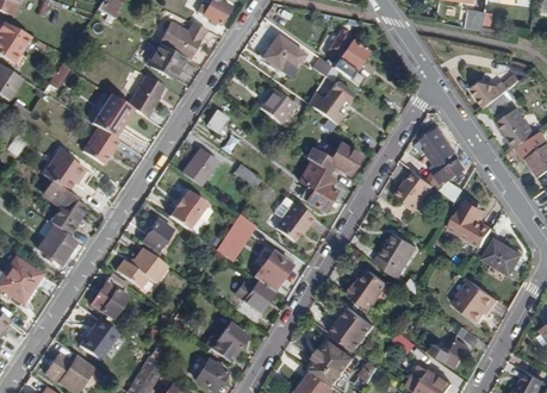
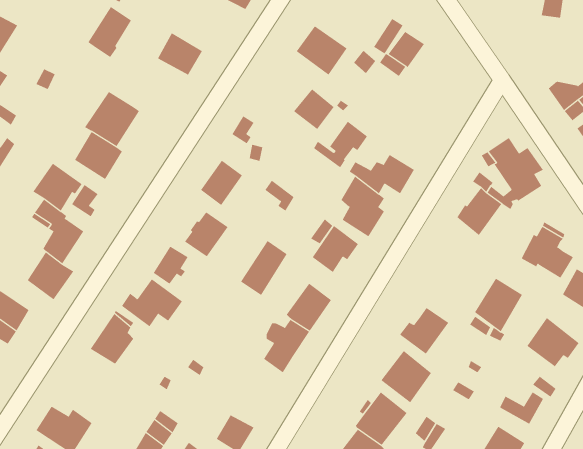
building: [157,20,204,60] -> none
building: [126,74,163,117] -> [88,6,132,58]
building: [307,81,353,120] -> [313,121,368,168]
building: [375,233,416,279] -> [474,278,523,332]
building: [75,318,116,361] -> none
building: [205,322,245,362] -> none

